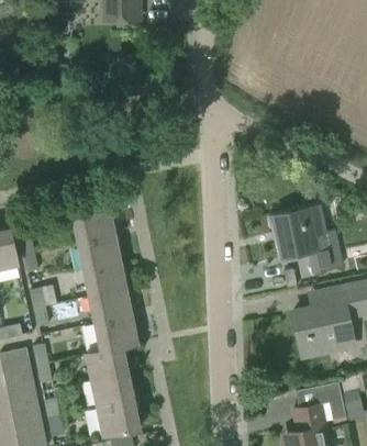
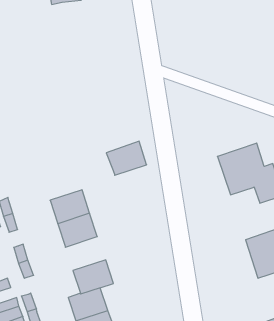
building: [70,207,114,242] -> [106,141,147,175]
building: [88,289,132,324] -> none

